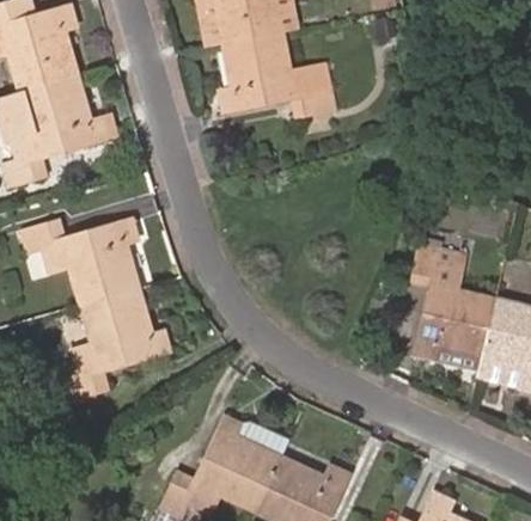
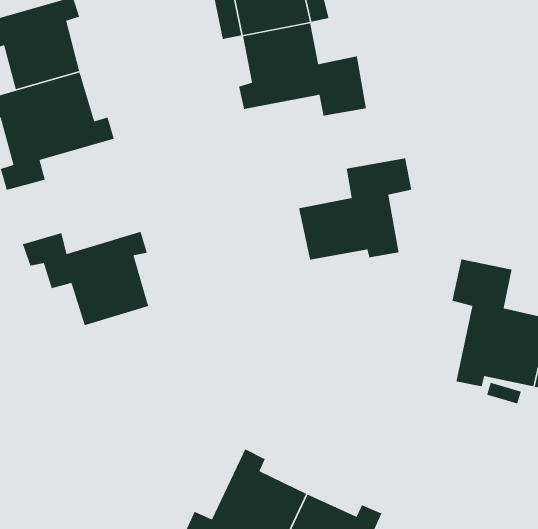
building: none -> [298,158,412,261]
building: [66,287,170,397] -> none

